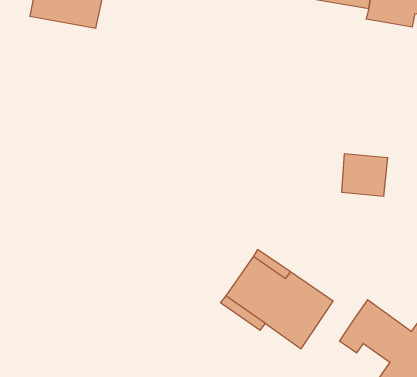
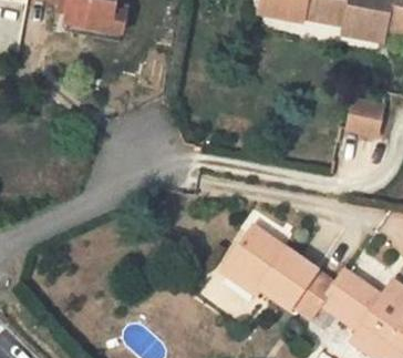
building: [342,154,388,196] -> [342,100,381,135]
building: none -> [291,269,334,318]

